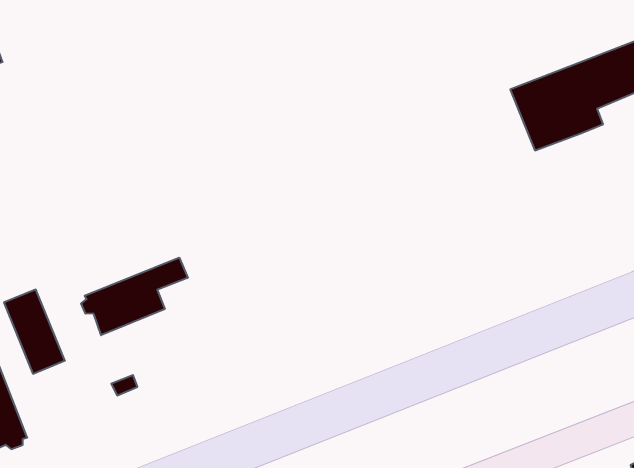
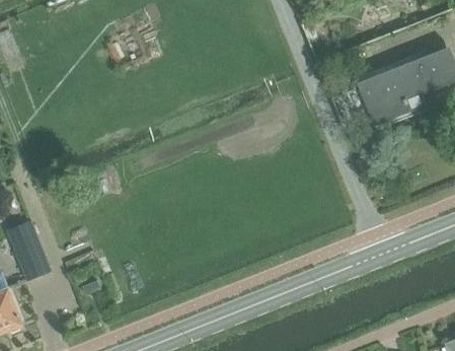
building: [81,258,188,335] -> none

